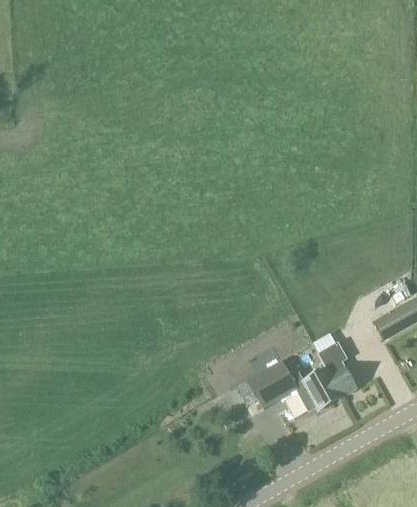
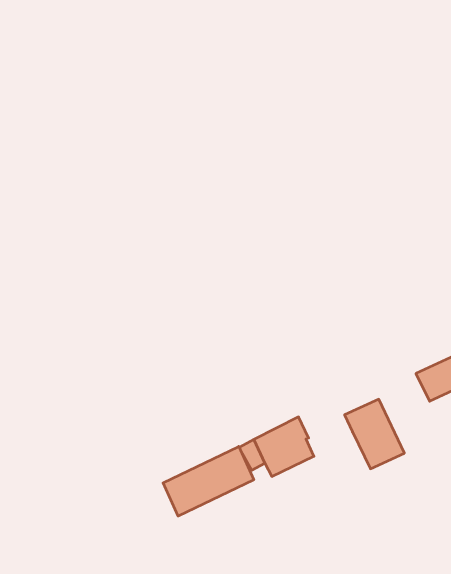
building: [289,368,341,410] -> none
building: none -> [163,446,254,516]

